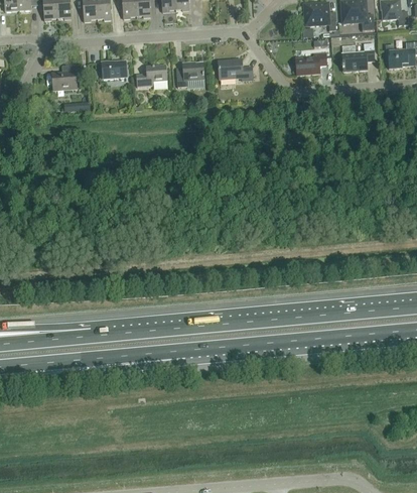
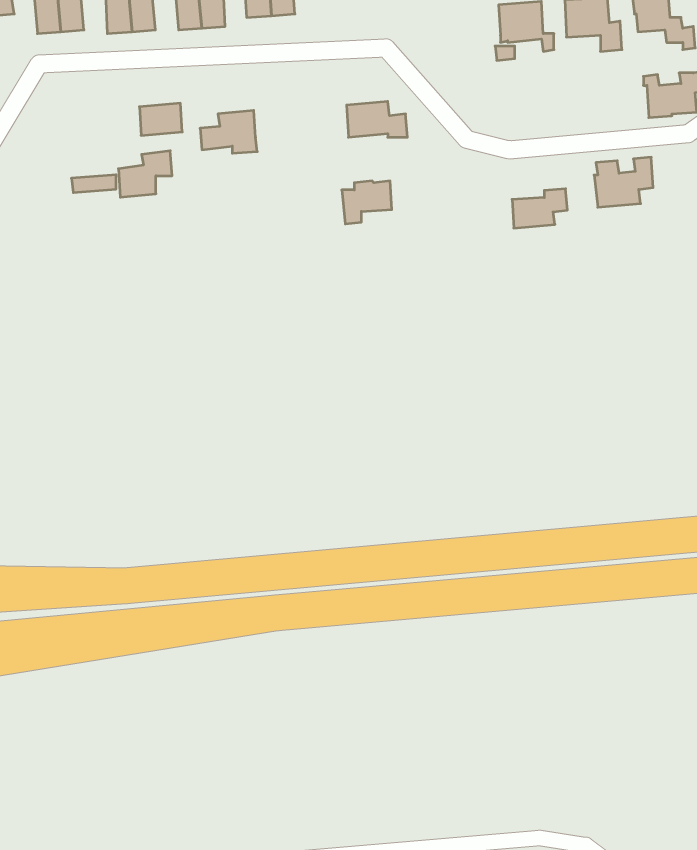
building: [341,42,375,71] -> [594,157,653,207]
building: [295,51,326,74] -> [512,189,567,228]
building: [176,61,204,86] -> [342,181,392,224]
building: [53,63,84,89] -> [118,151,172,197]

